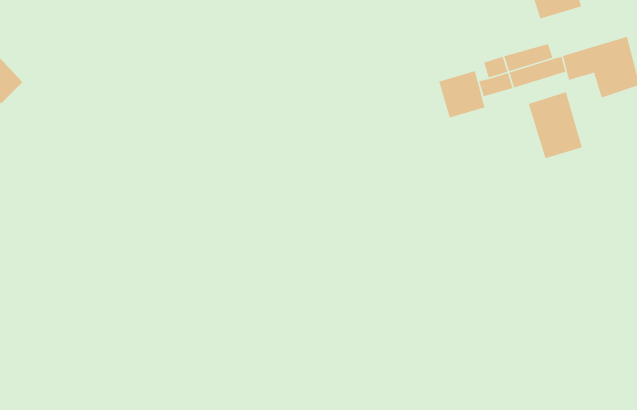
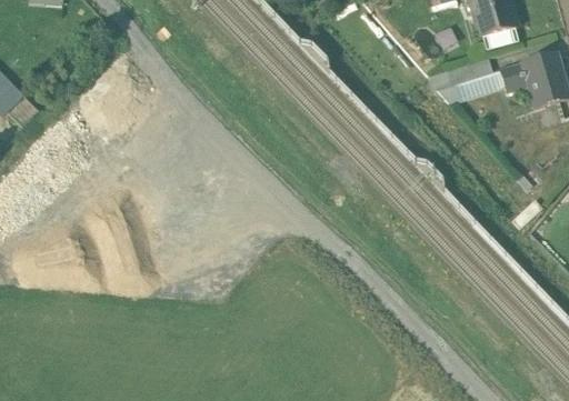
building: [438,70,485,118] -> none
building: [528,91,583,159] -> none

